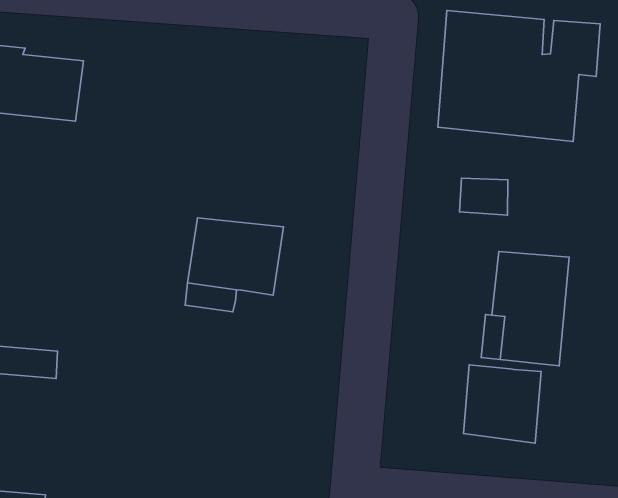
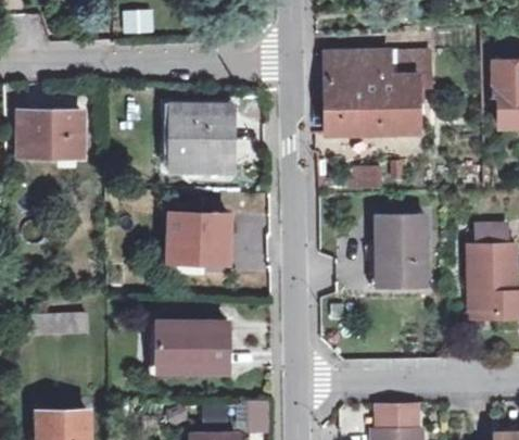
building: none -> [170,104,229,166]
building: [463,365,541,443] -> none
building: none -> [157,320,229,370]

